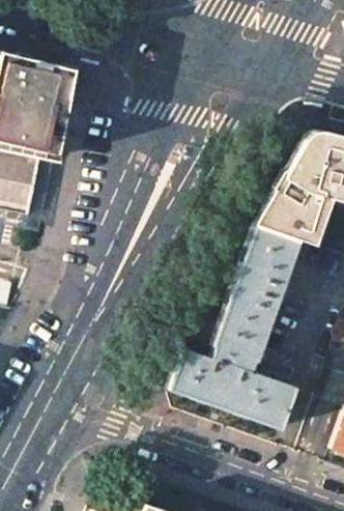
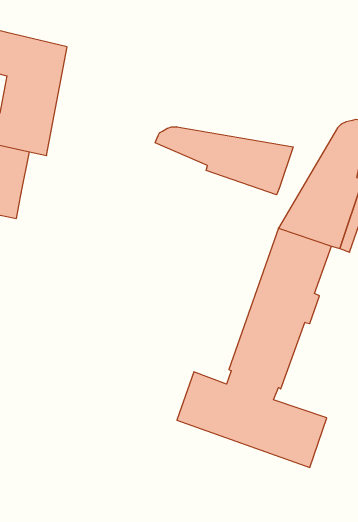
building: none -> [155,127,293,195]

